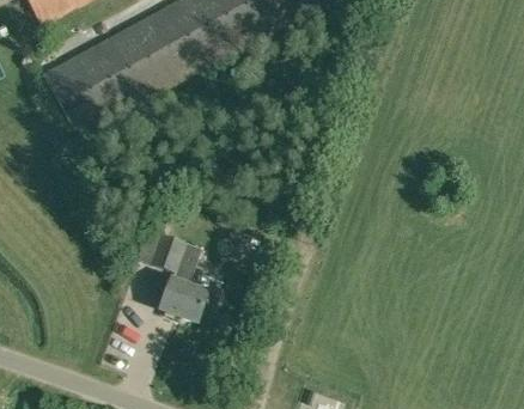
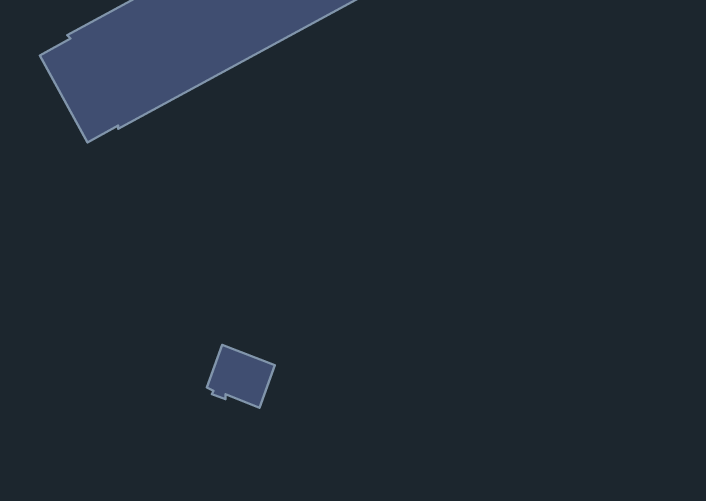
building: [151,233,201,286] -> none

